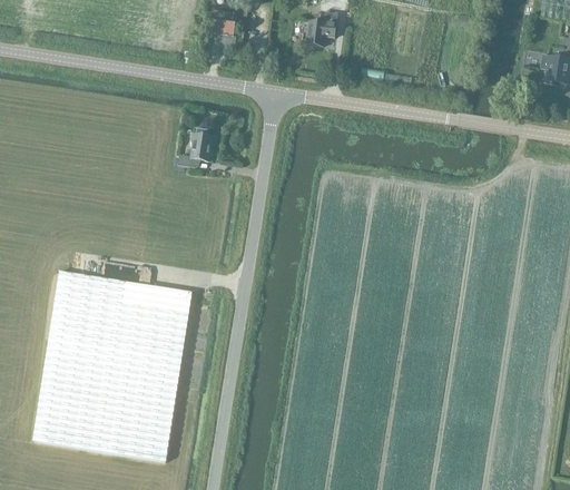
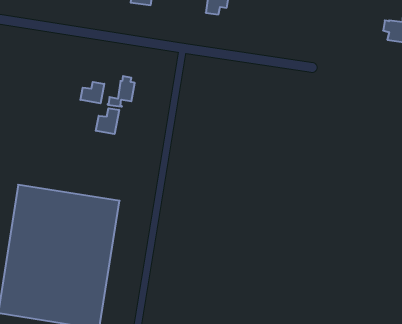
building: none -> [80,82,104,103]
building: none -> [96,108,119,134]

